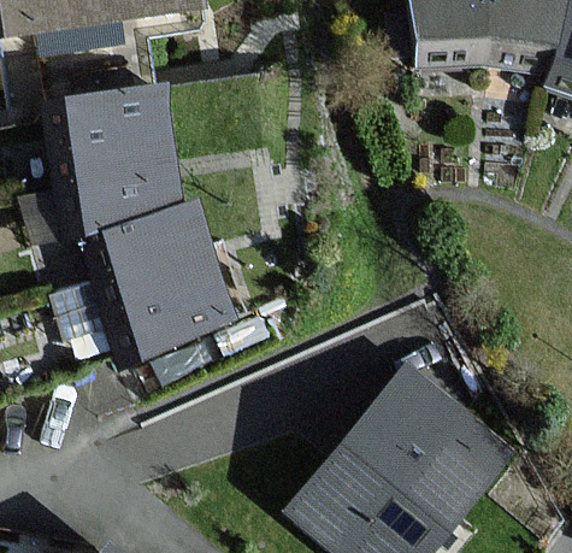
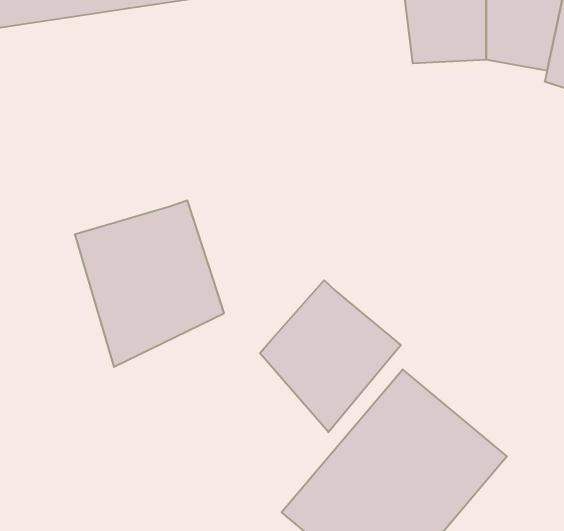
building: [46,86,181,241] -> none
building: none -> [260,280,401,432]

